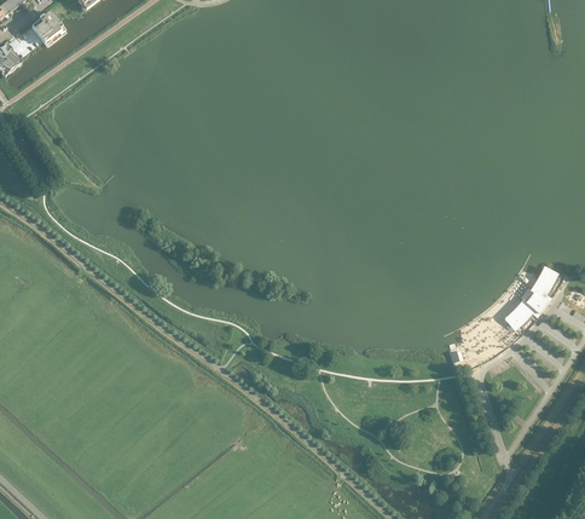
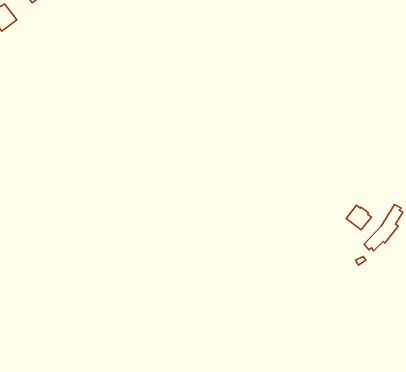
building: none -> [346,205,371,230]

